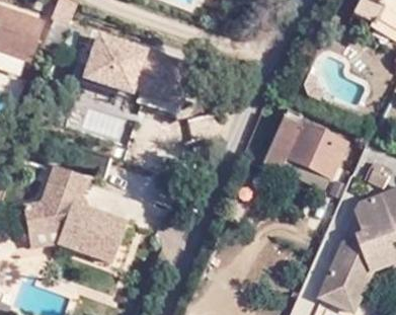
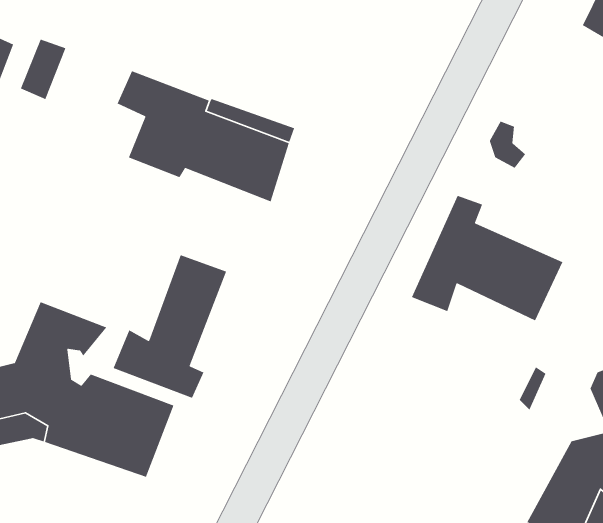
building: none -> [112,254,227,399]

